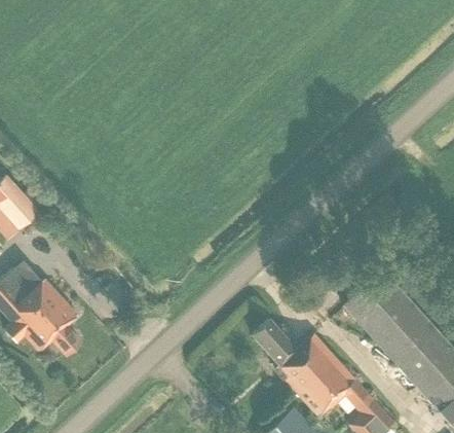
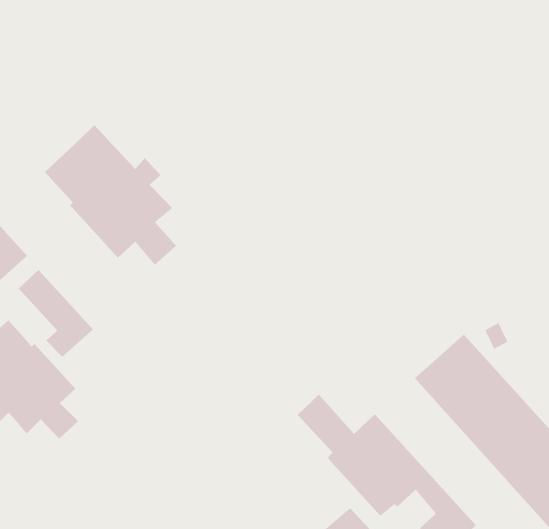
building: none -> [44,125,177,266]
building: none -> [18,269,94,358]

